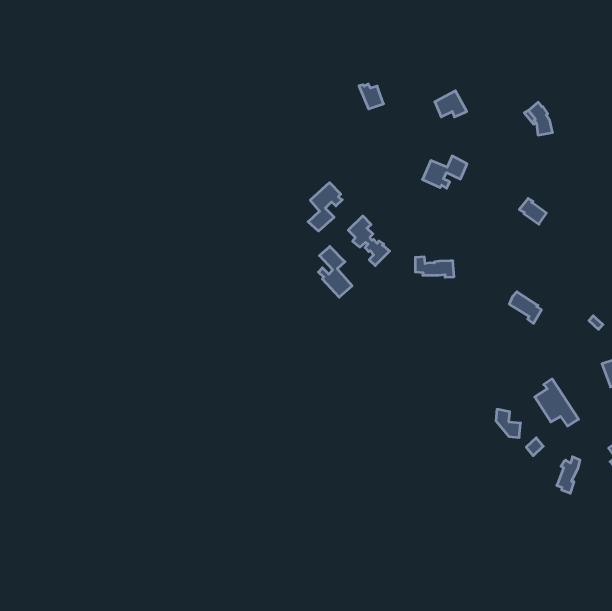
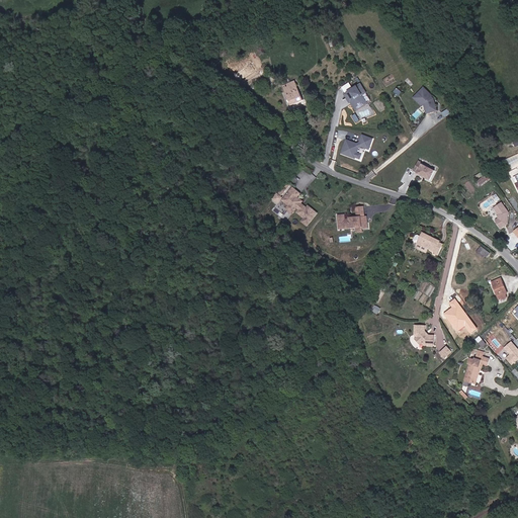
building: [308,183,342,231] -> none
building: [318,246,352,297] -> none

